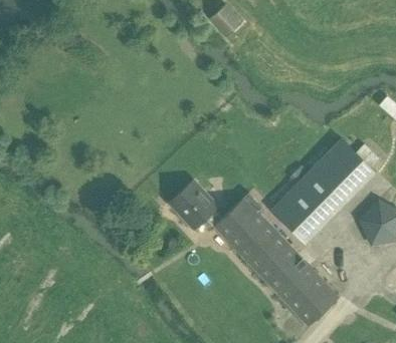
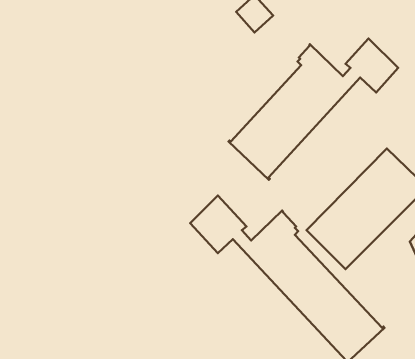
building: none -> [229,38,398,180]

